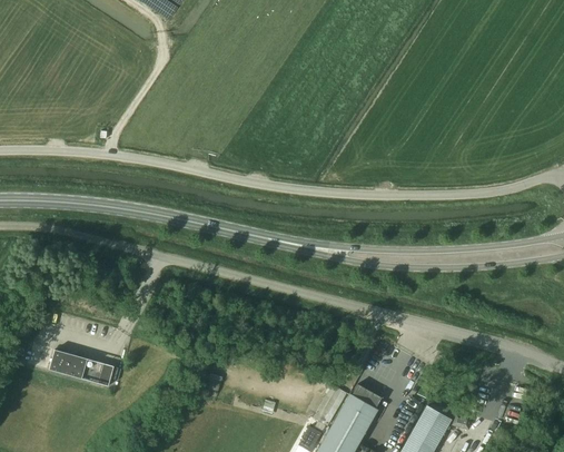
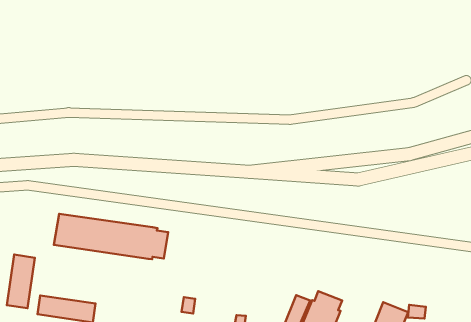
building: none -> [54,214,168,259]
building: none -> [7,255,35,308]

